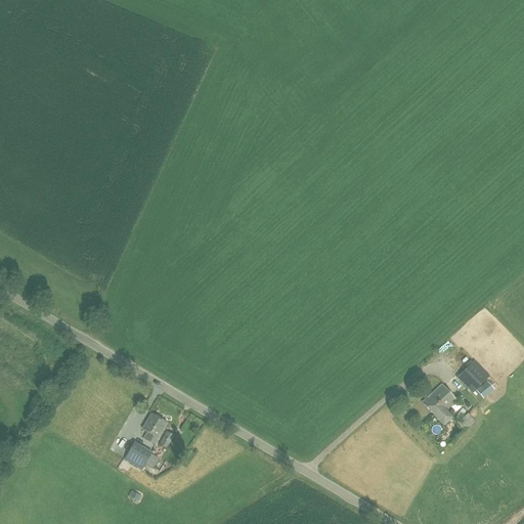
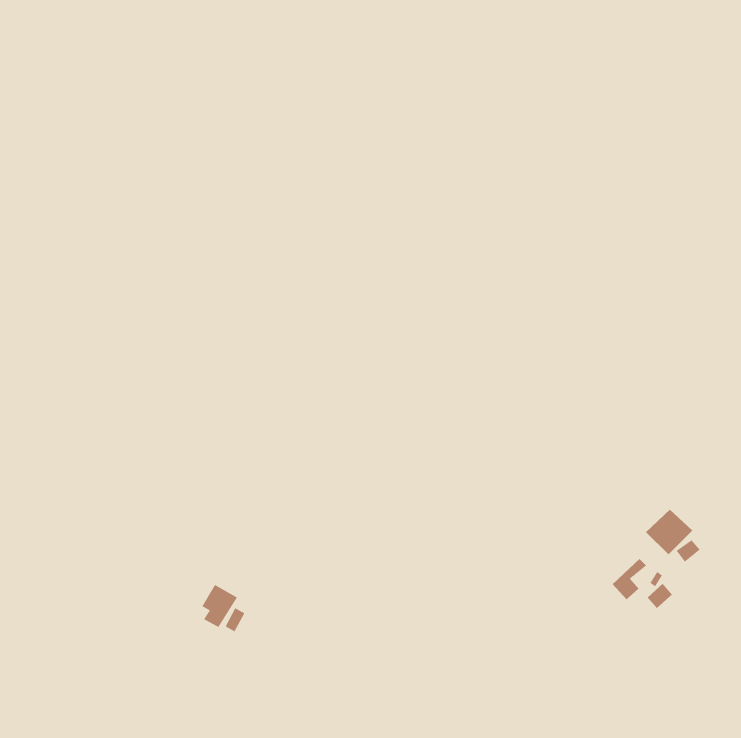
building: [421,383,451,412] -> none
building: [125,441,151,468] -> none

